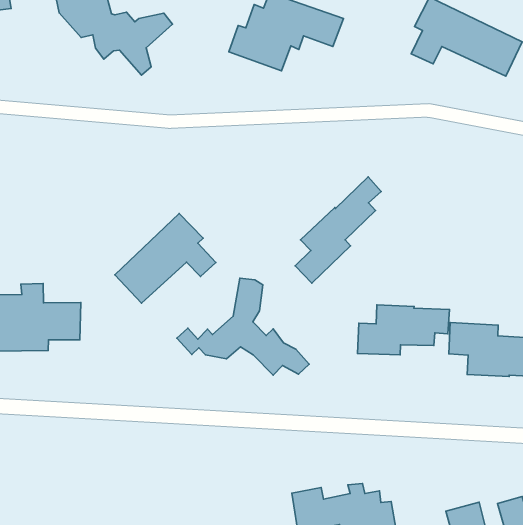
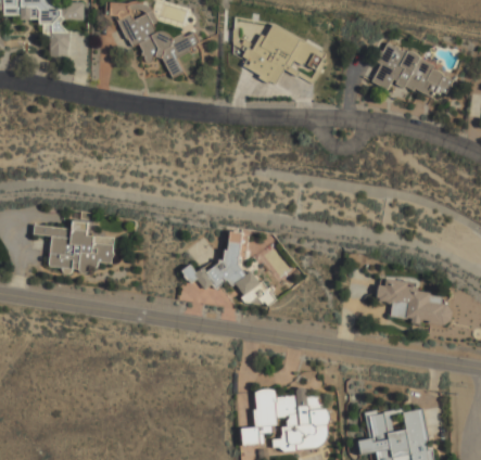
building: [295,177,381,283] -> none
building: [115,214,216,303] -> none
building: [358,305,450,355] -> none

